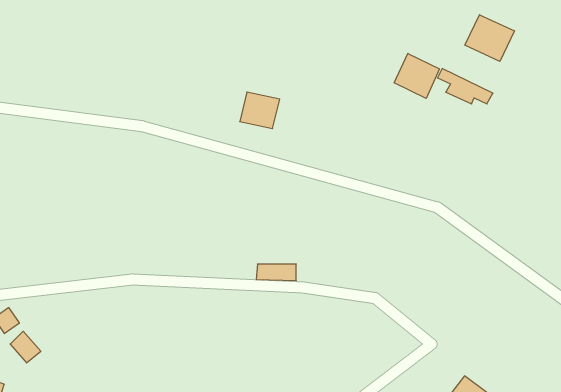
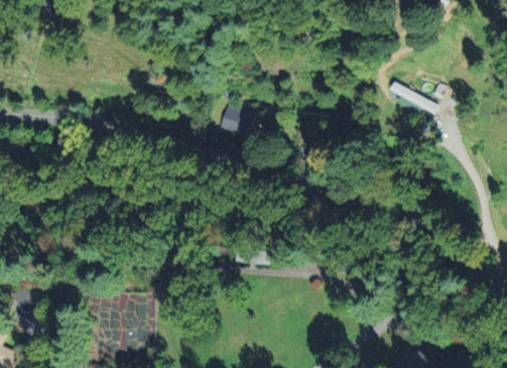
building: [465,15,515,61] -> none
building: [394,53,440,98] -> none

